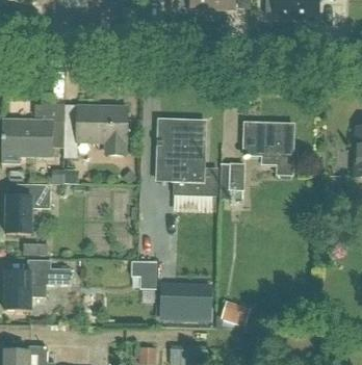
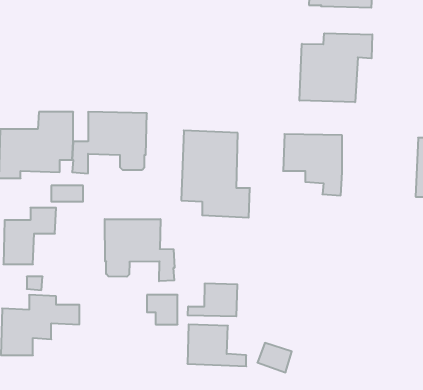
building: none -> [300,33,372,102]
building: [223,163,244,197] -> none
building: none -> [105,219,174,281]
building: none -> [188,283,237,316]

